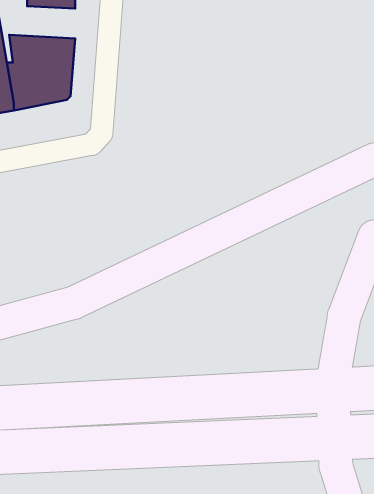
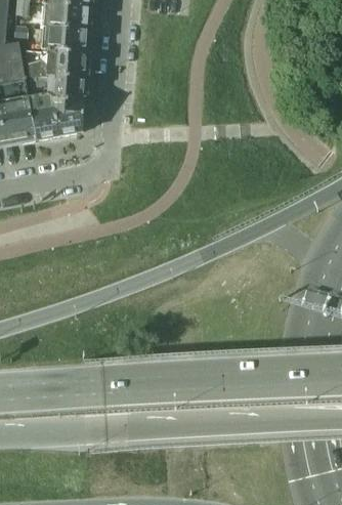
building: none -> [27,47,86,76]

